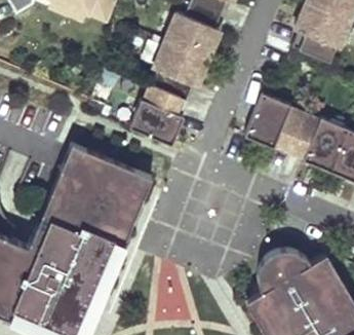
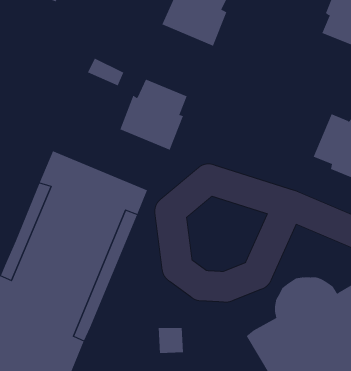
building: [151,39,207,99] -> none
building: [244,91,305,149] -> none

